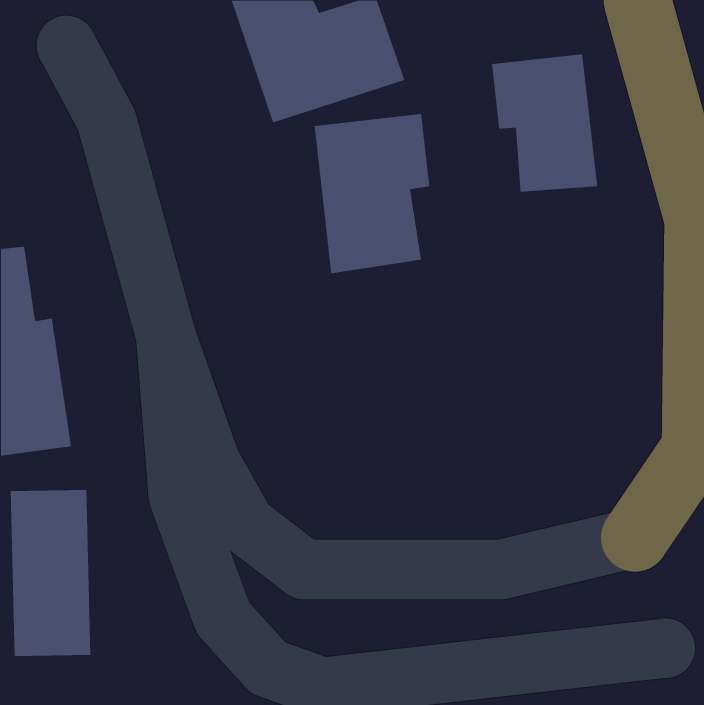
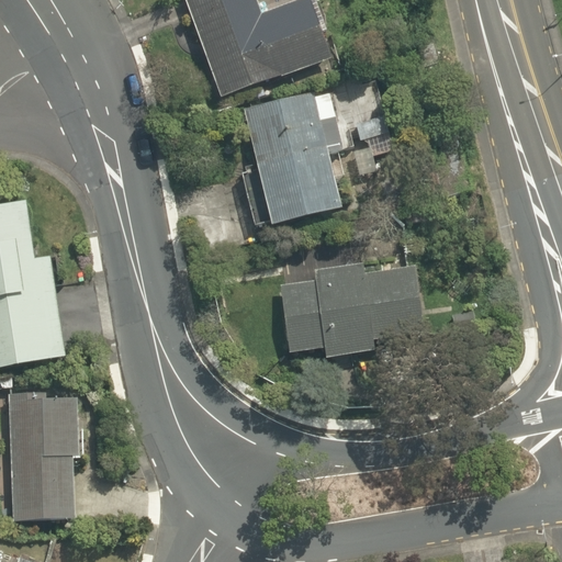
building: [491,53,598,193] -> none
building: none -> [285,260,413,357]

